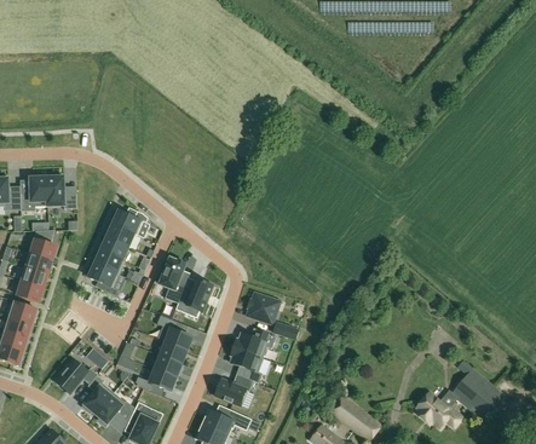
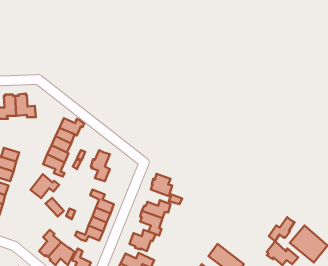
building: [29,230,57,260] -> none
building: [175,278,212,312] -> none
building: none -> [269,217,295,241]
building: [54,358,97,393] -> [30,174,59,198]

